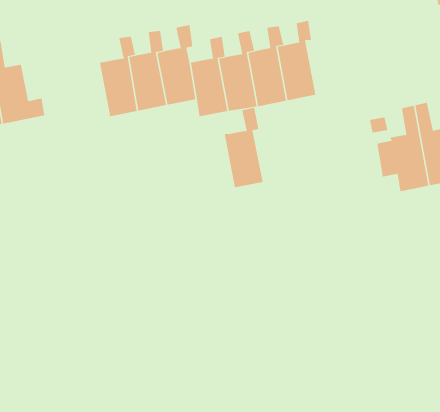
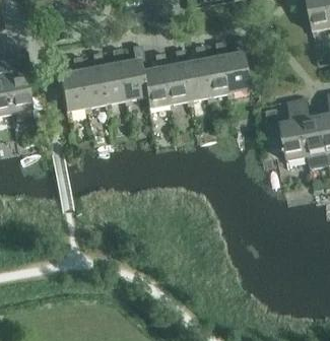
building: none -> [59,55,86,111]
building: [224,107,264,188] -> [222,37,250,92]

